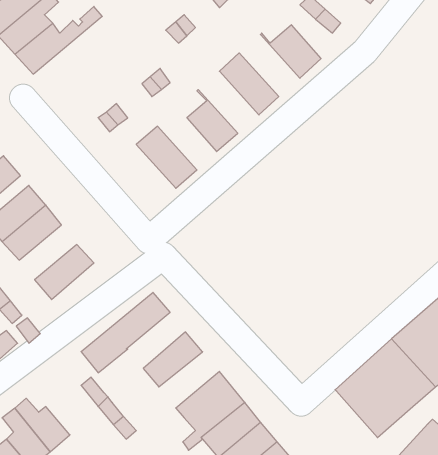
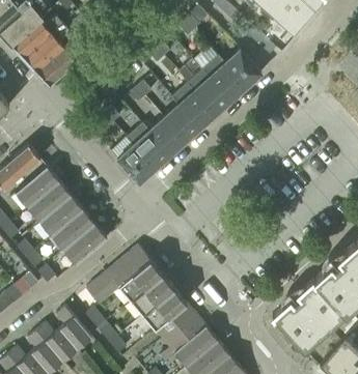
building: none -> [201,57,246,103]
building: none -> [171,84,216,130]
building: none -> [141,118,185,156]
building: none -> [116,138,155,184]
building: none -> [39,197,82,237]
building: none -> [63,225,107,266]
building: none -> [118,261,162,303]
building: none -> [142,290,187,332]
building: none -> [55,308,91,351]

